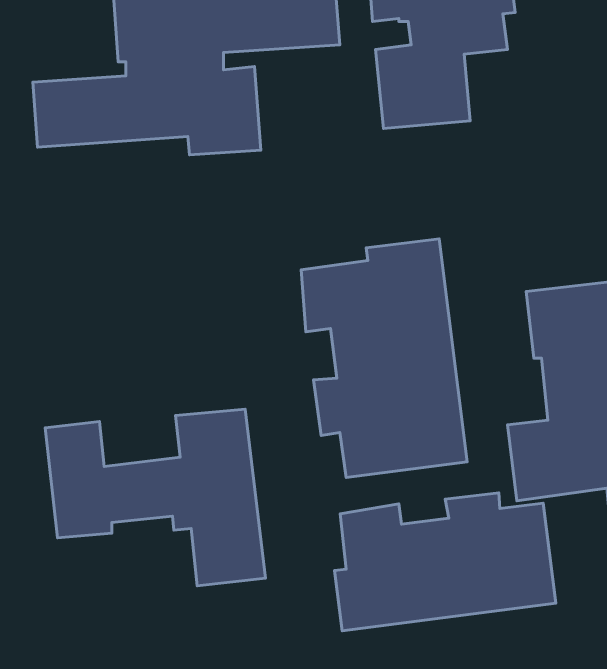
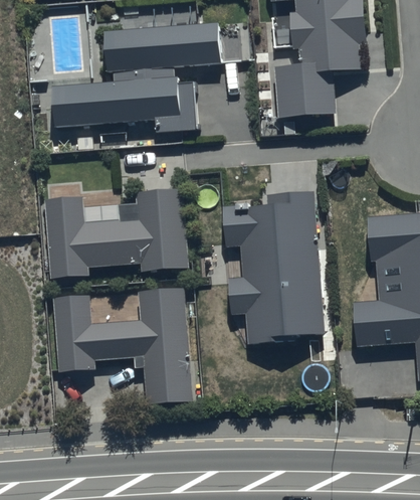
building: none -> [42,190,186,282]
building: [334,493,556,631] -> none

